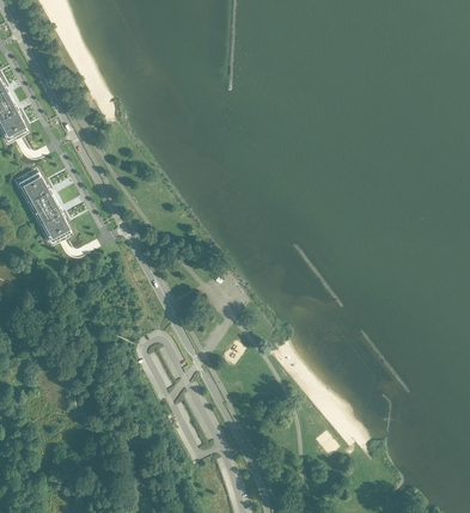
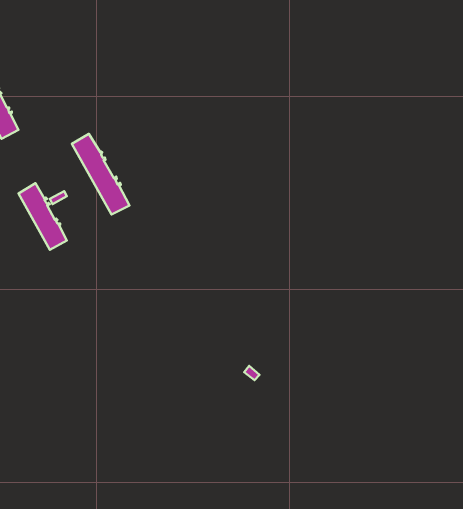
building: none -> [72,134,130,214]

